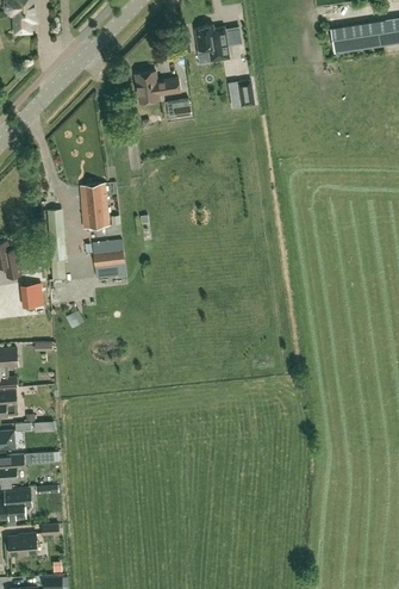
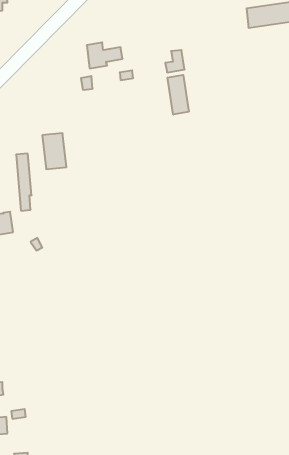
building: [194,26,229,62] -> none
building: none -> [168,75,189,115]
building: [92,238,125,278] -> none

